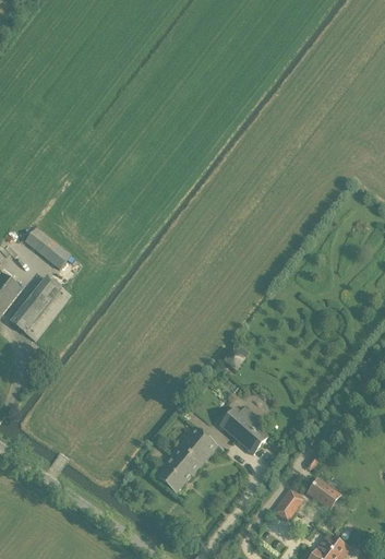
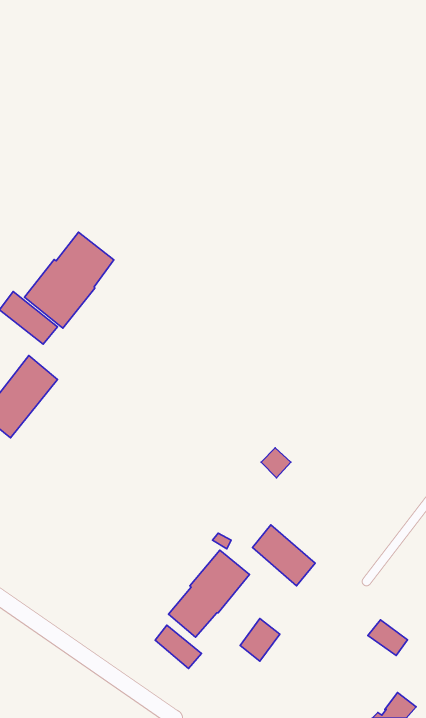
building: none -> [25,232,114,328]
building: none -> [155,625,202,669]
building: [274,488,304,521] -> [240,619,280,661]

